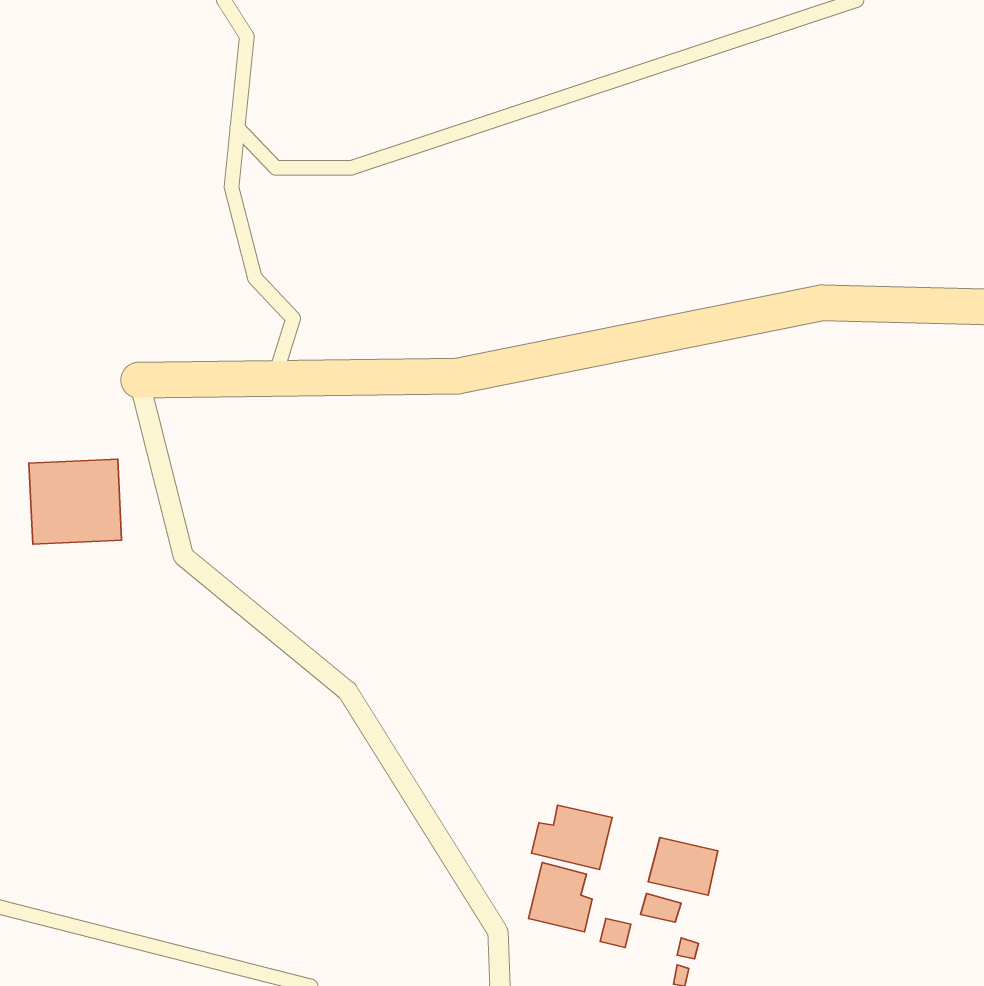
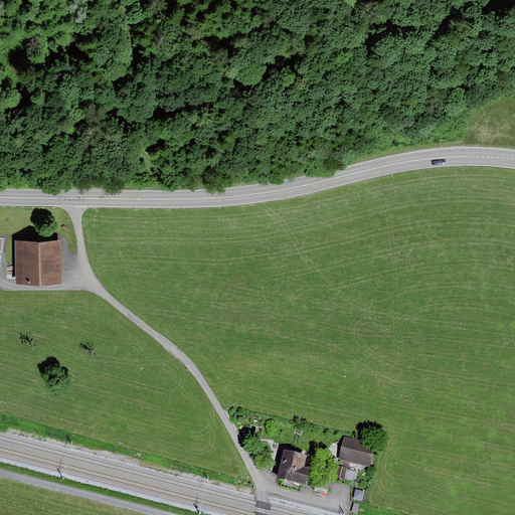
building: [531,805,612,870] -> none

